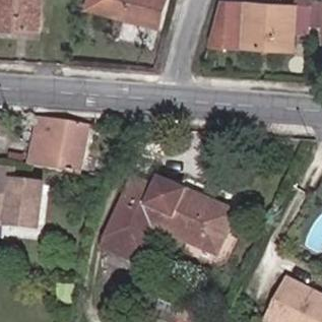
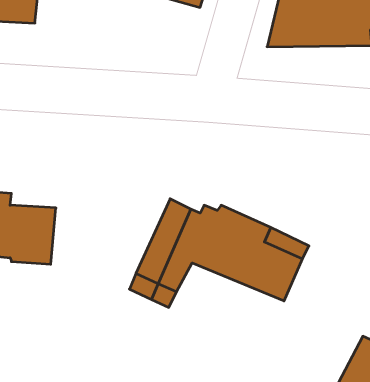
building: [31,111,87,168] -> none

